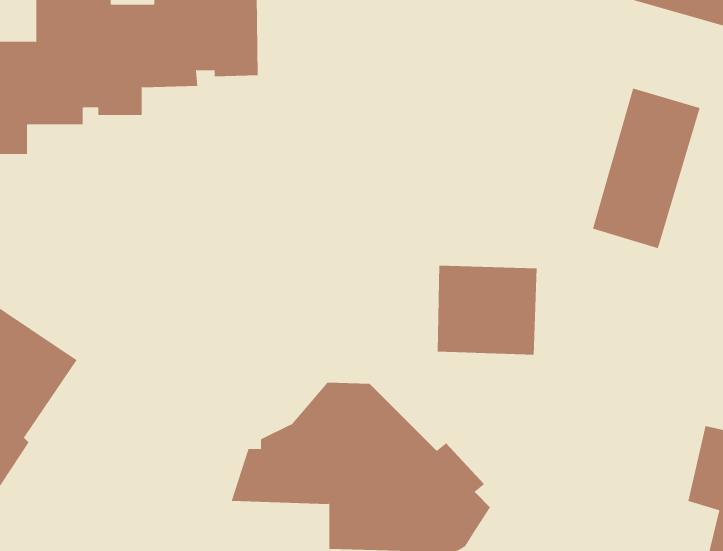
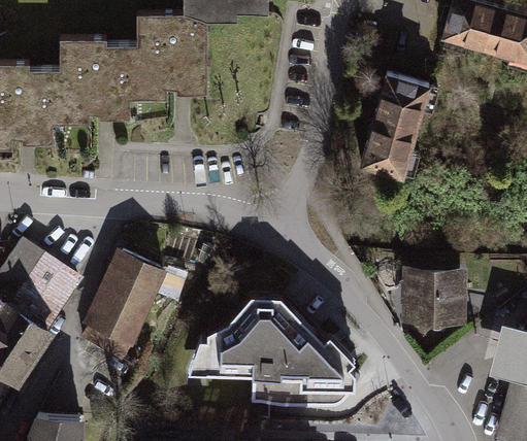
building: [592,88,700,249] -> [360,73,432,180]
building: [437,265,538,355] -> [402,267,469,327]
building: none -> [80,249,168,365]

